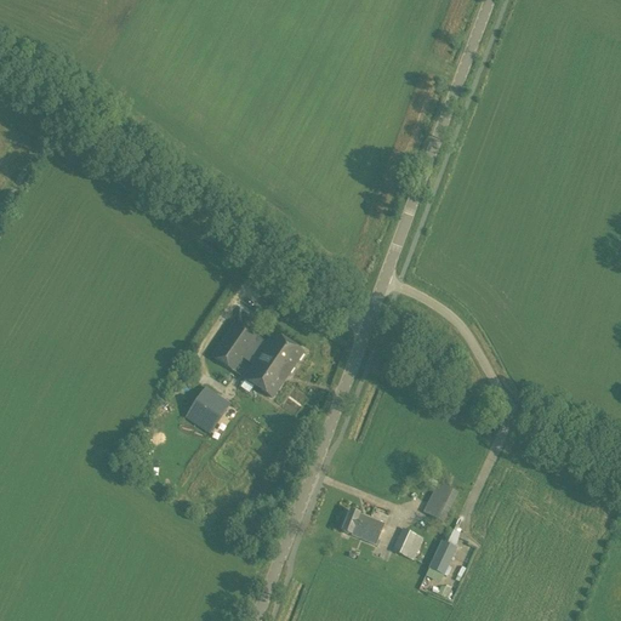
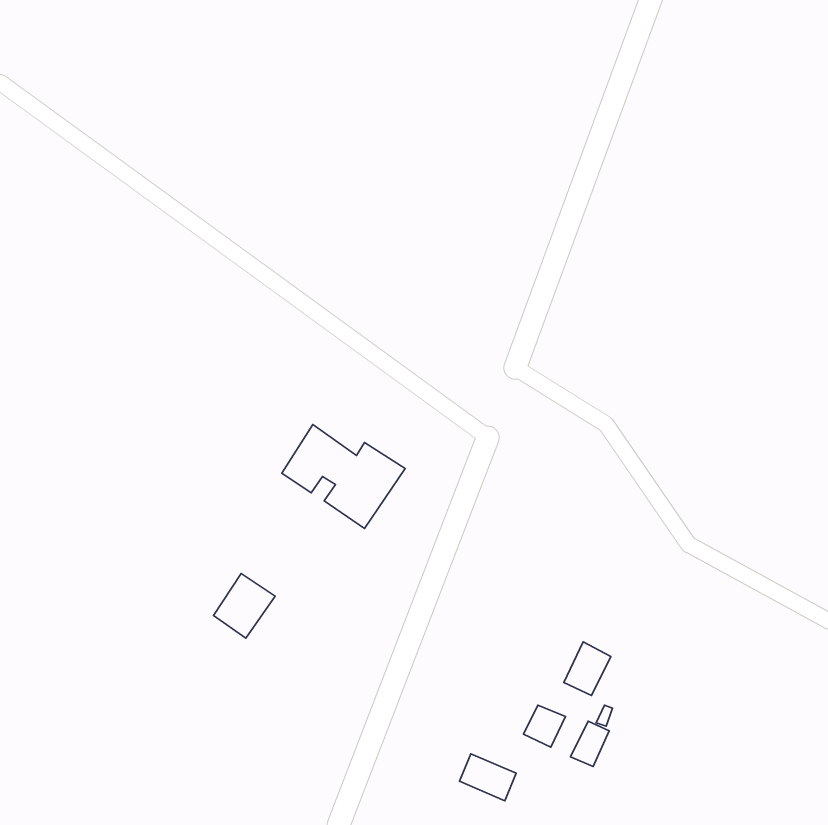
building: [184,384,230,433] -> [213,573,275,638]
building: [342,508,384,543] -> [459,754,516,801]

